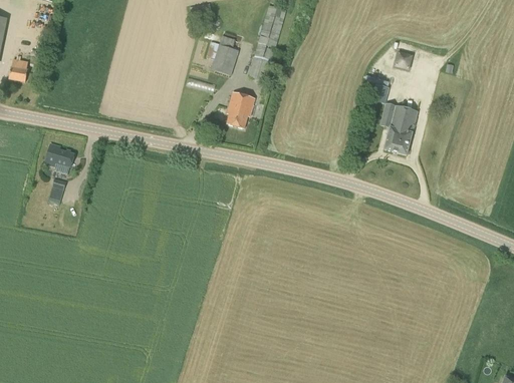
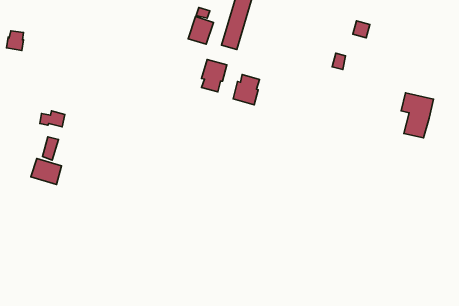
building: [380,103,417,153] -> [401,93,434,138]
building: none -> [233,75,260,105]
building: none -> [31,158,61,184]

